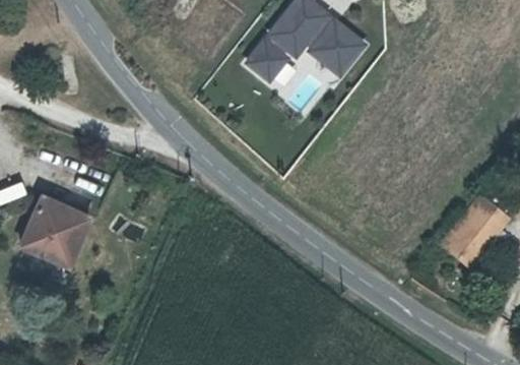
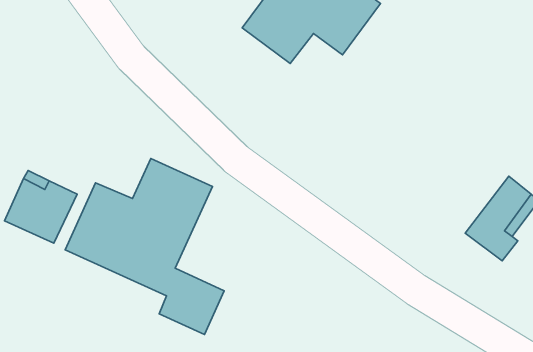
building: none -> [65,159,224,335]

